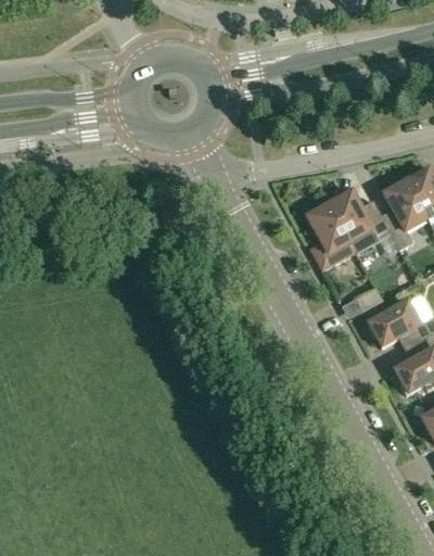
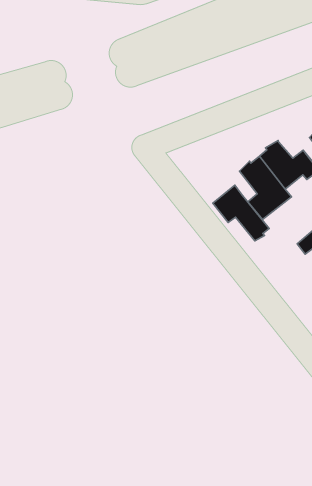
building: none -> [213,185,269,241]

